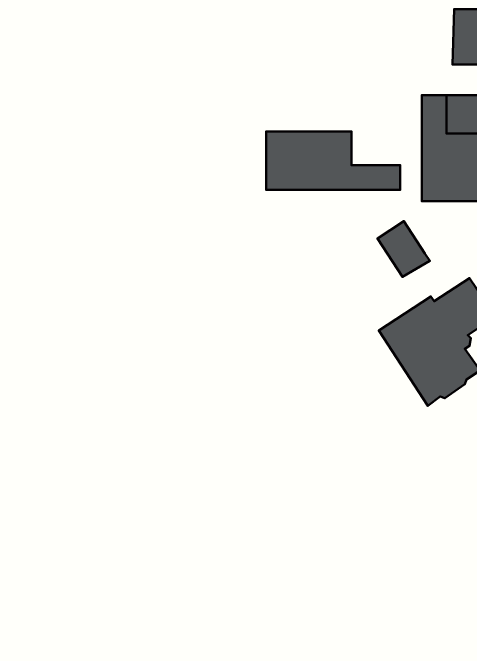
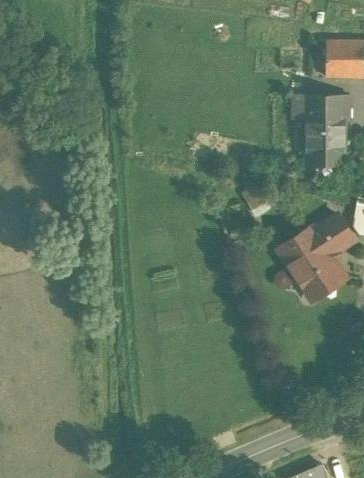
building: [266,131,400,190] -> none
building: [377,221,430,277] -> none

